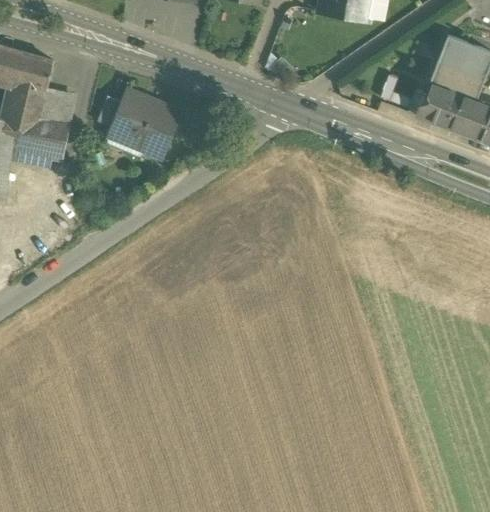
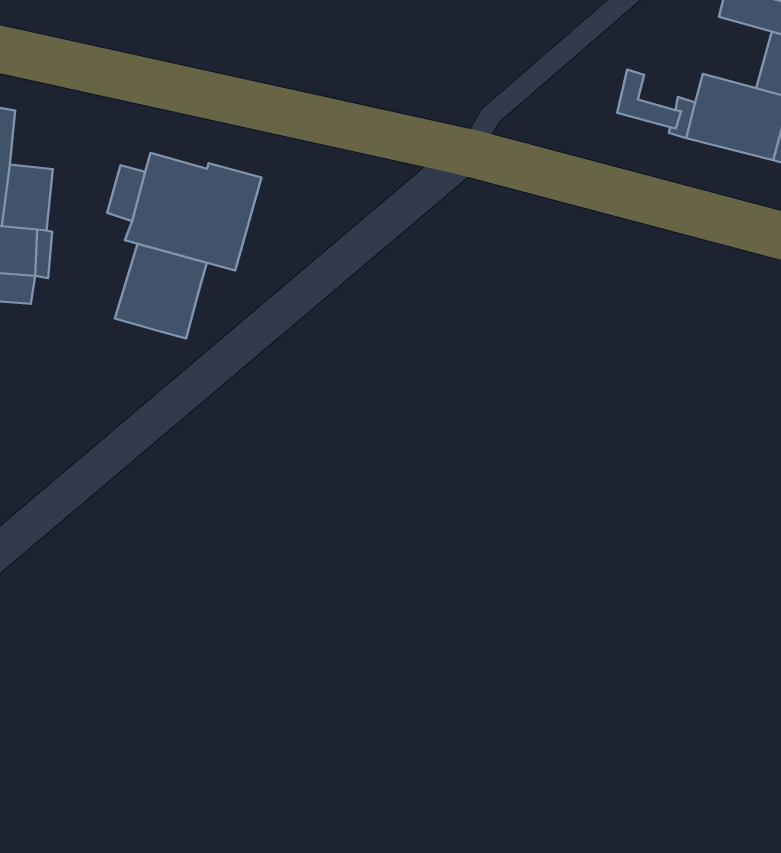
building: [429,53,469,94] -> none
building: none -> [115,244,207,338]

